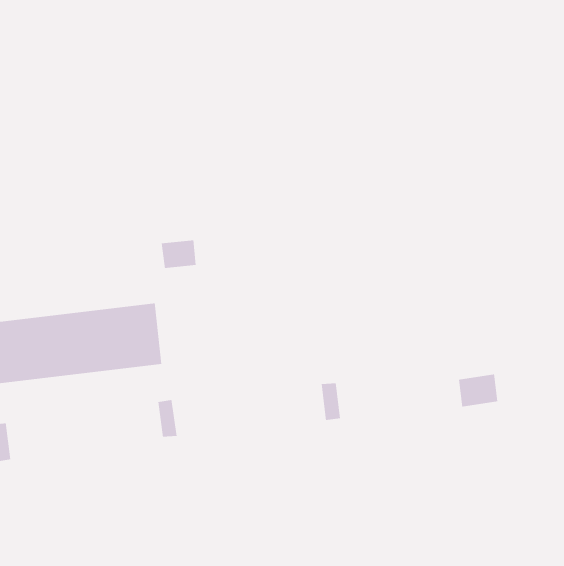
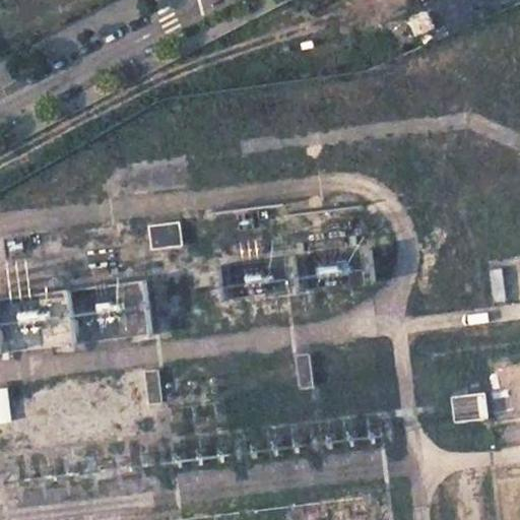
building: [458,374,498,407] -> [450,392,486,422]

